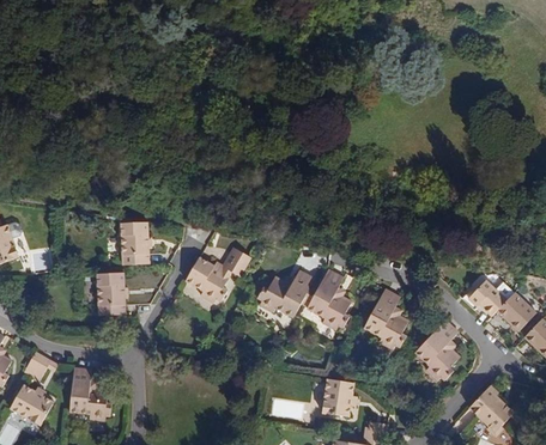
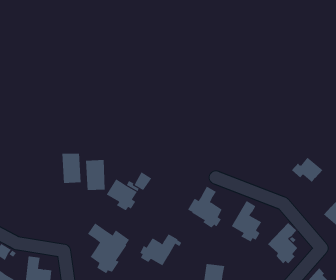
building: [259,270,320,317] -> [139,233,182,266]
building: [96,272,125,316] -> [85,159,105,191]
building: [460,279,505,316] -> [291,157,323,183]
building: none -> [87,223,130,274]

